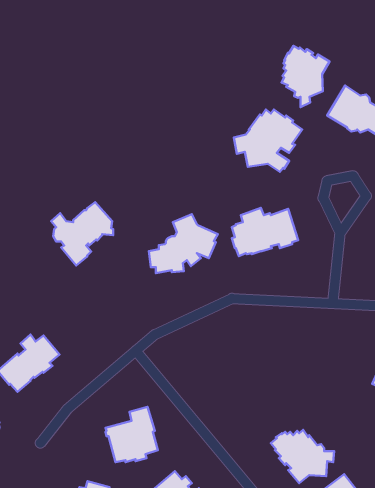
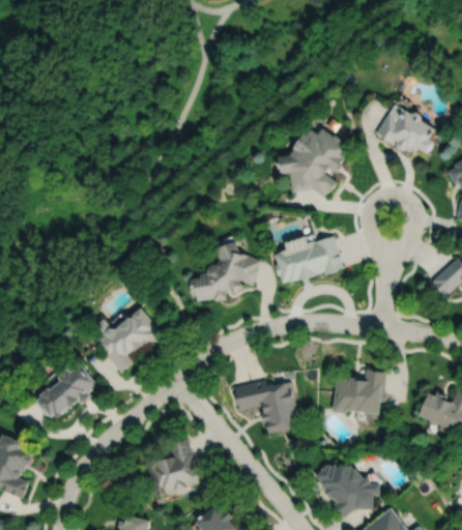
building: [282,46,329,107] -> none
building: [51,202,113,265] -> [93,307,157,373]
building: none -> [333,369,386,419]
building: none -> [233,381,297,433]

